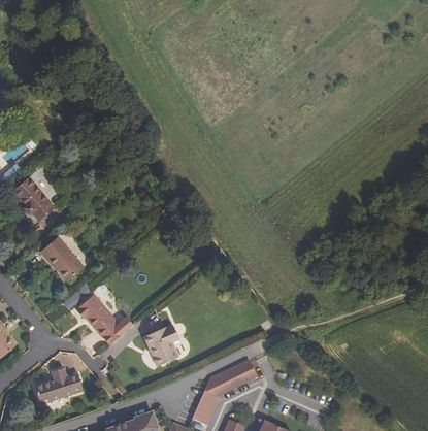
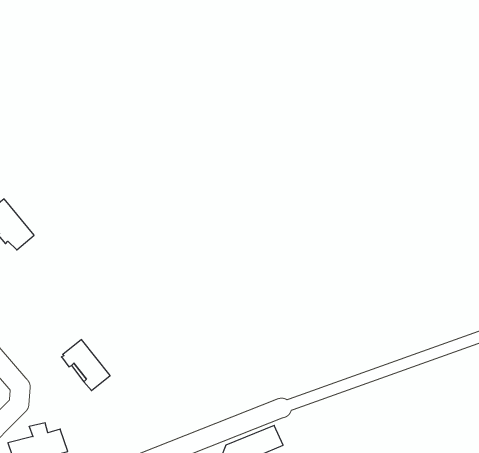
building: [37,235,80,277] -> none
building: [139,324,174,365] -> none

